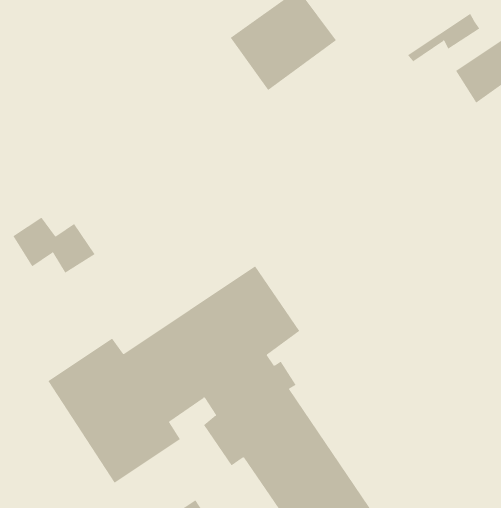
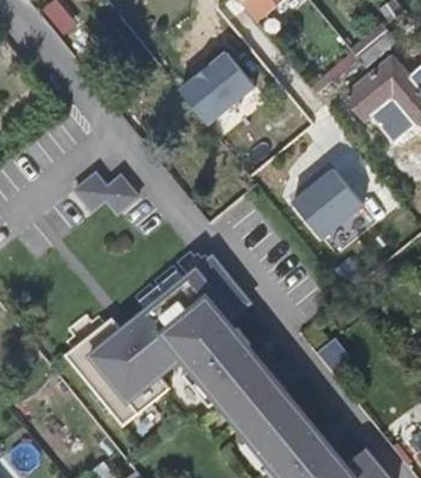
building: none -> [289,166,376,255]
building: [13,217,96,273] -> [74,172,136,212]

